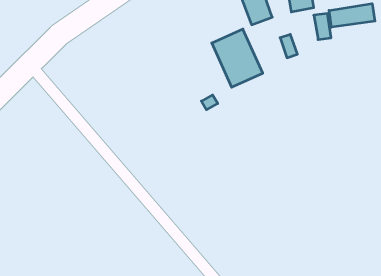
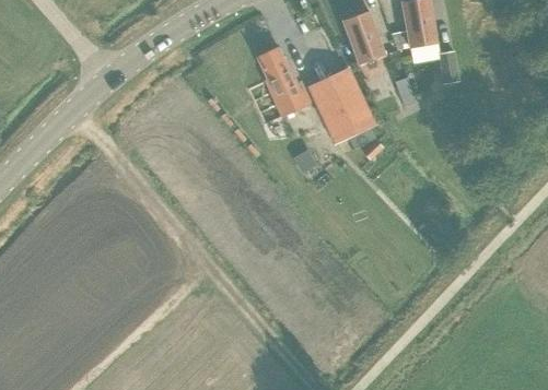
building: [329,4,375,27] -> none
building: none -> [257,47,310,116]

